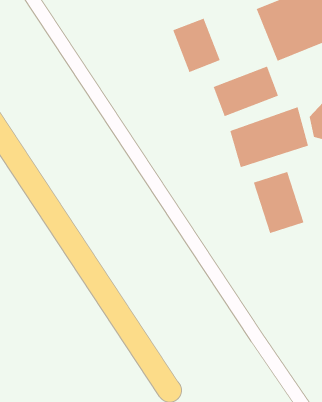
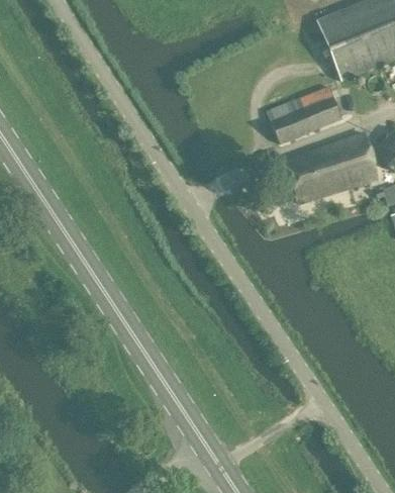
building: [172,18,220,73] -> none
building: [253,171,304,234] -> none

